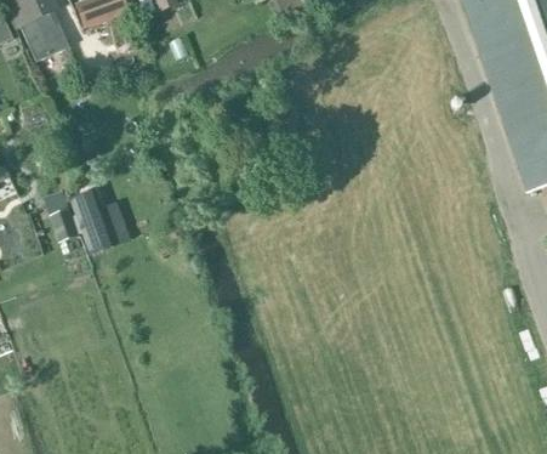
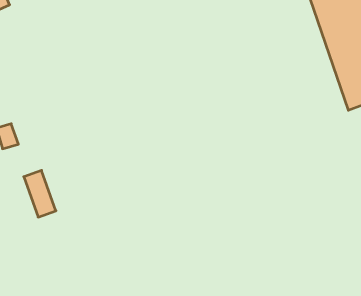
building: [73,191,116,254] -> [24,170,56,217]

